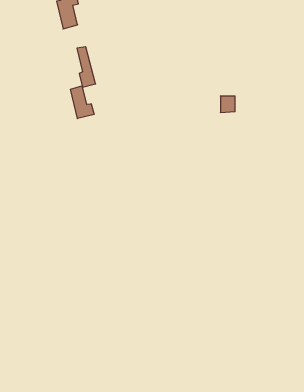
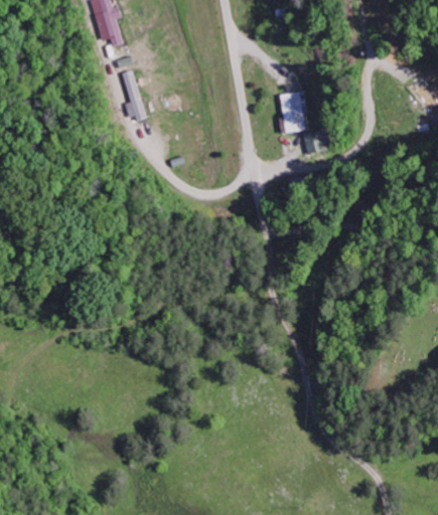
building: none -> [276,91,304,133]
building: [71,86,94,119] -> none

